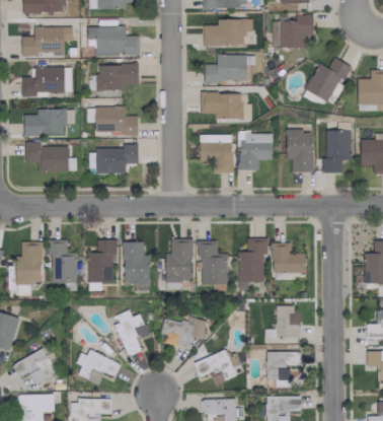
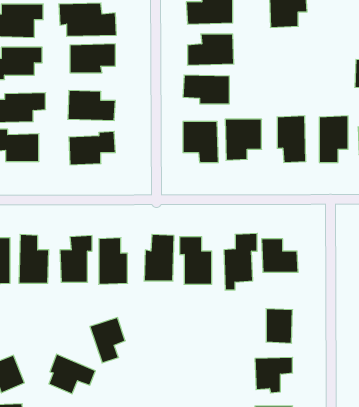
building: [305,58,350,102] -> none
building: [160,318,206,348] -> none
building: [195,349,240,384] -> none

